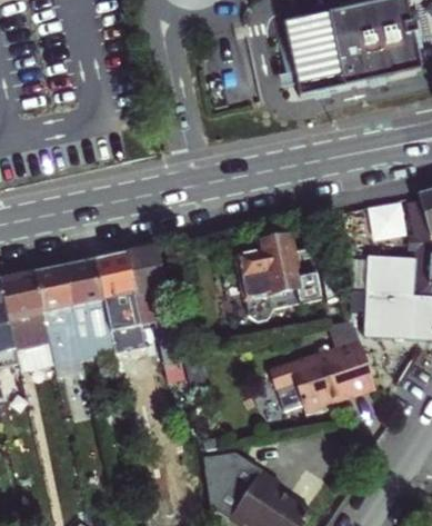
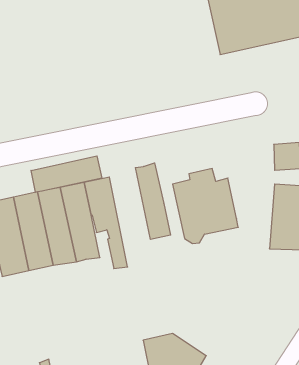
building: none -> [31,156,102,192]
building: none -> [135,163,171,239]
building: [268,319,374,410] -> none

